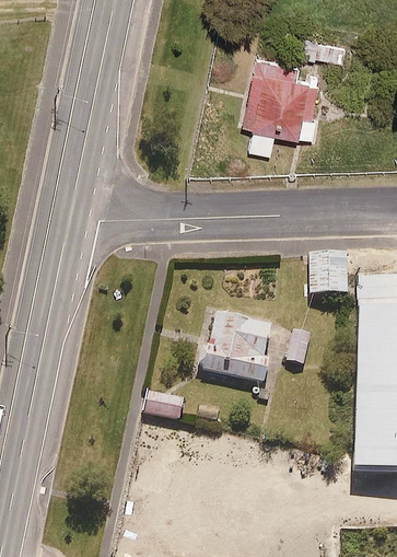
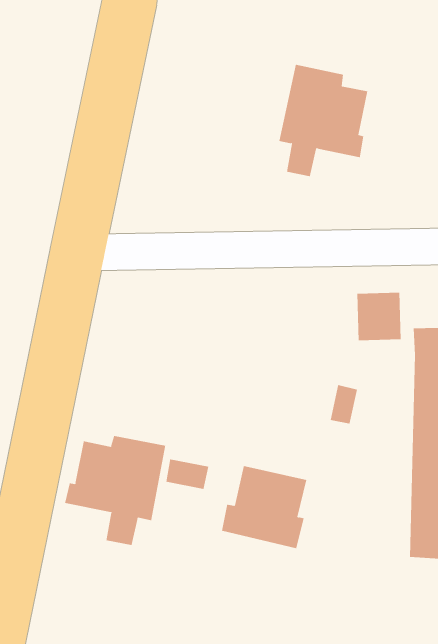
building: [198,312,271,383] -> [221,466,307,549]
building: none -> [65,435,166,546]

